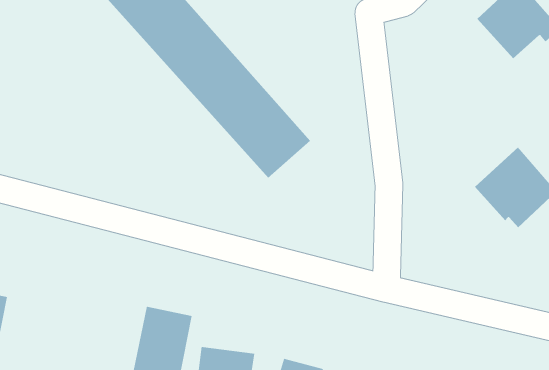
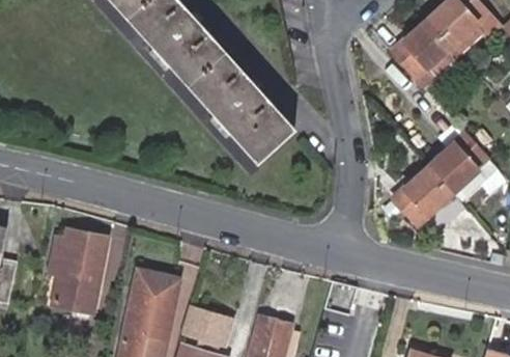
building: none -> [394,18,461,86]
building: none -> [392,165,454,226]
building: none -> [51,229,111,310]

